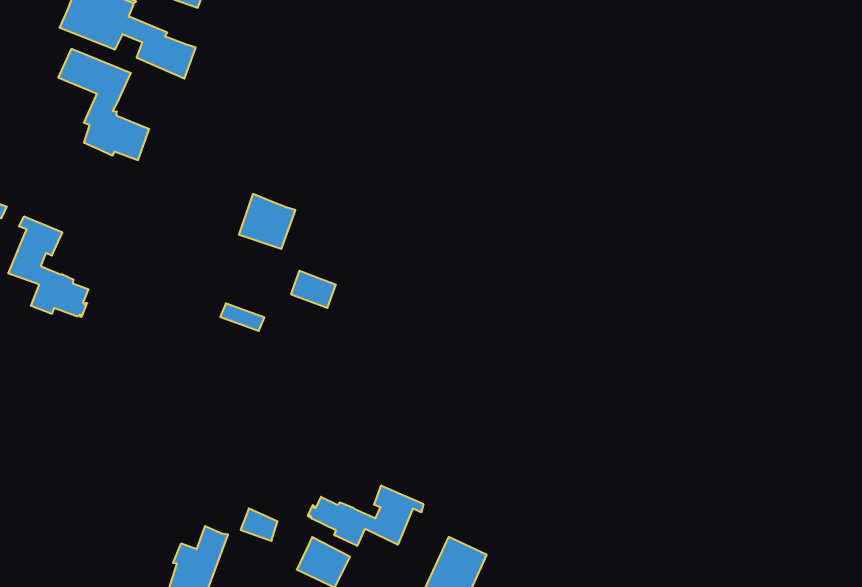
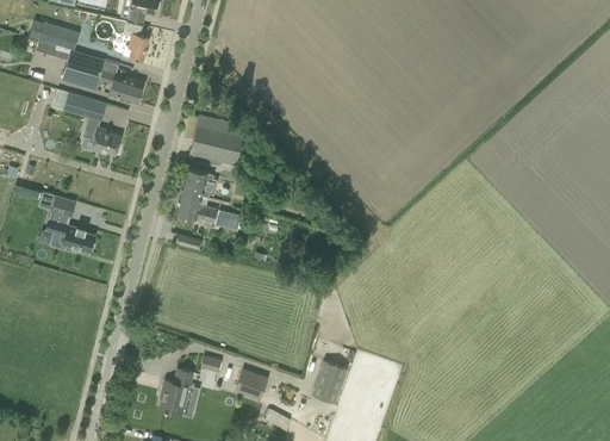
building: none -> [191,116,247,166]
building: none -> [176,193,217,223]
building: [308,485,423,546] -> none

